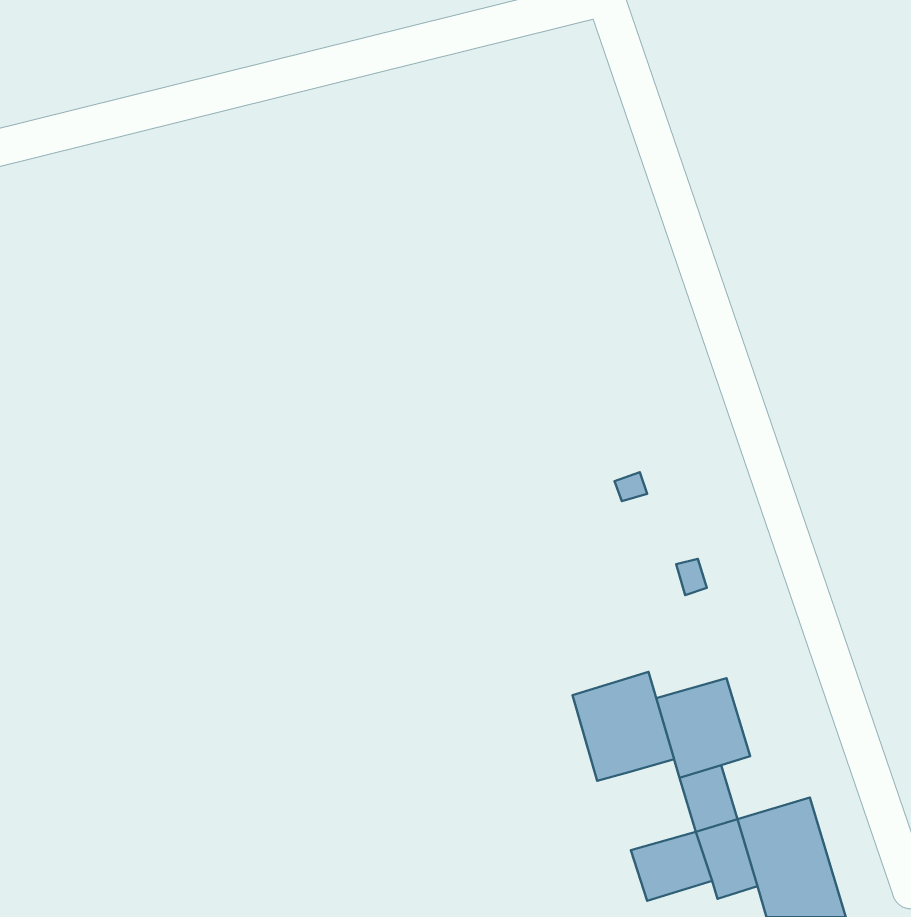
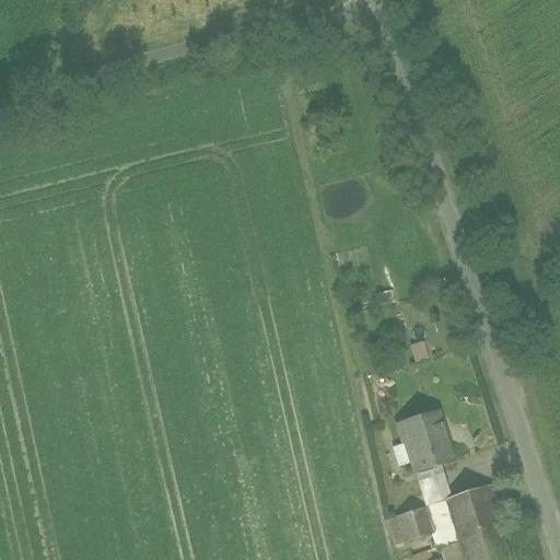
building: [573,672,674,781] -> none

